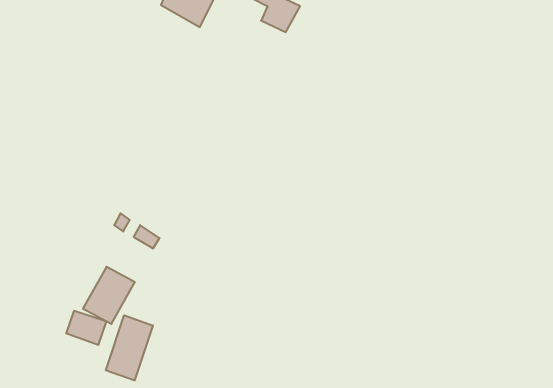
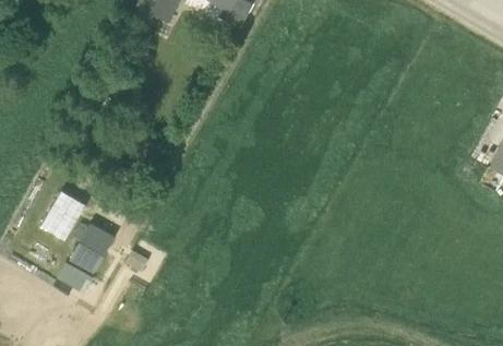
building: none -> [49,192,85,237]
building: [106,315,153,380] -> none

